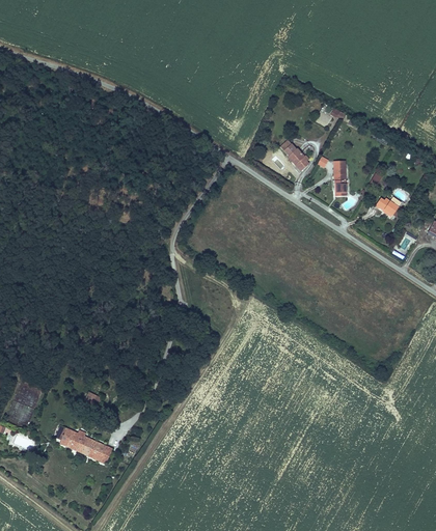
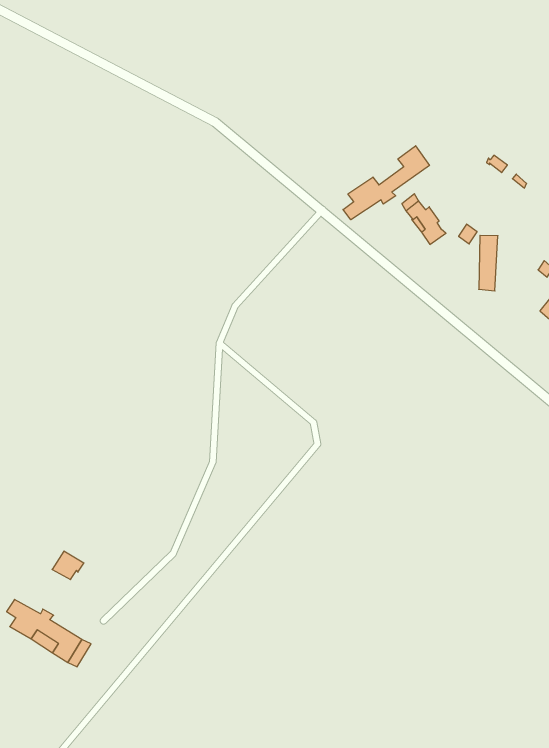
building: none -> [343,146,429,220]

